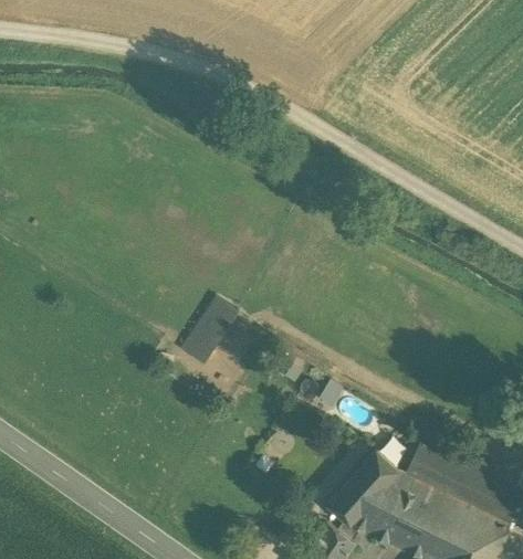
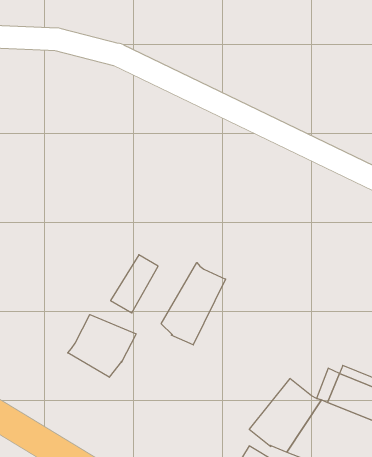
building: none -> [161,263,226,345]
building: none -> [68,315,136,377]

